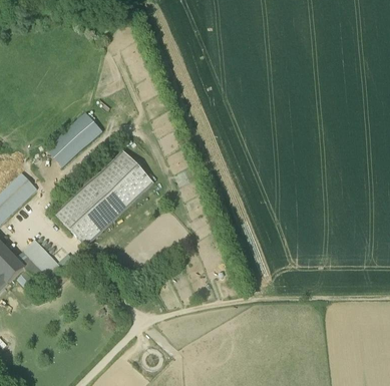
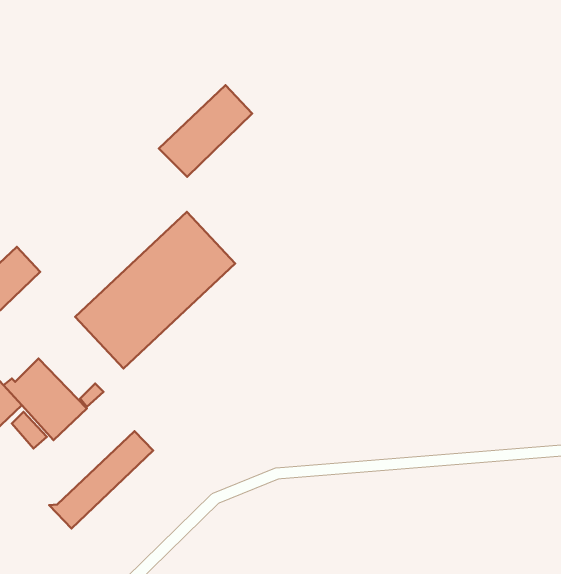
building: [46,110,102,165] -> [159,85,252,177]
building: none -> [49,431,153,529]

